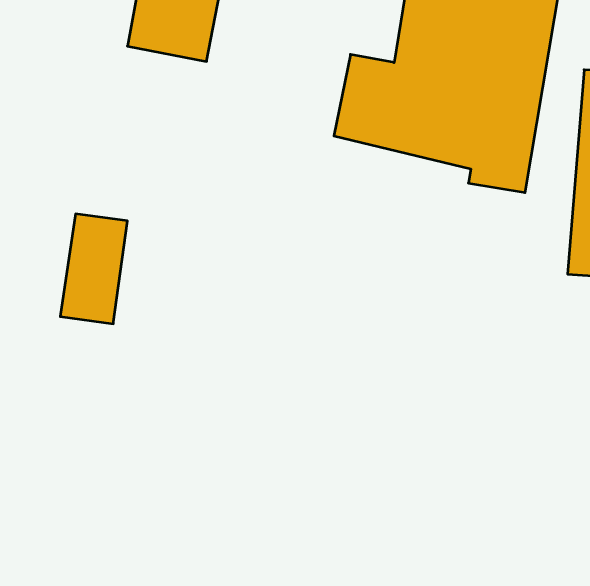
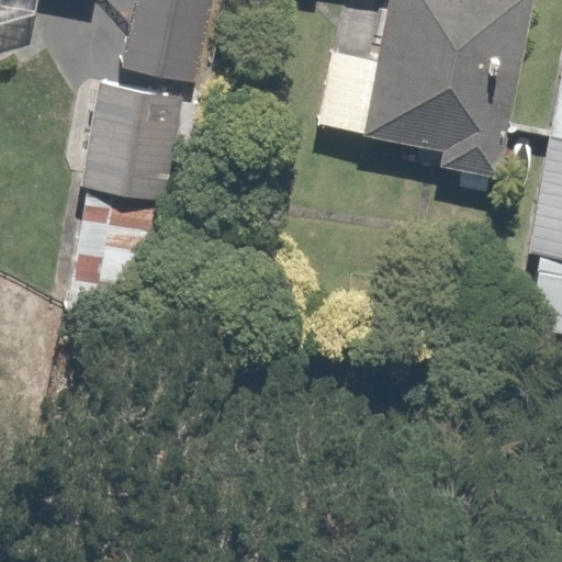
building: none -> [79,55,200,184]

